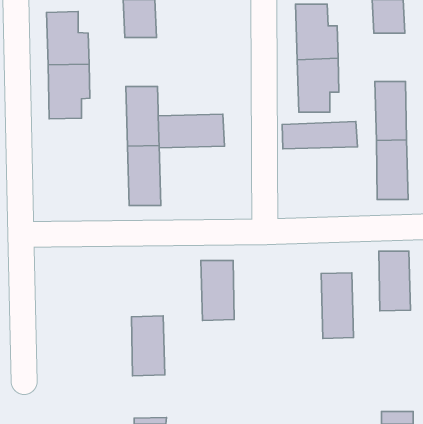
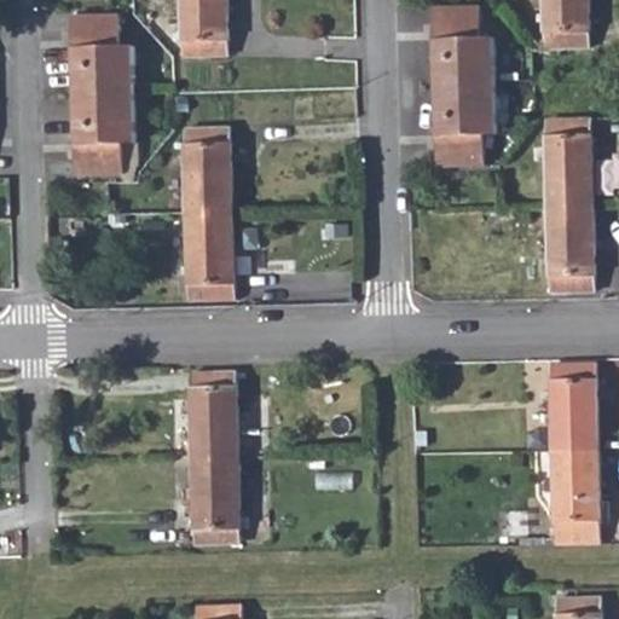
building: [158,114,225,148] -> none
building: [282,122,357,149] -> none
building: [201,261,234,320] -> [189,374,237,461]
building: [321,273,354,338] -> [551,451,598,546]

